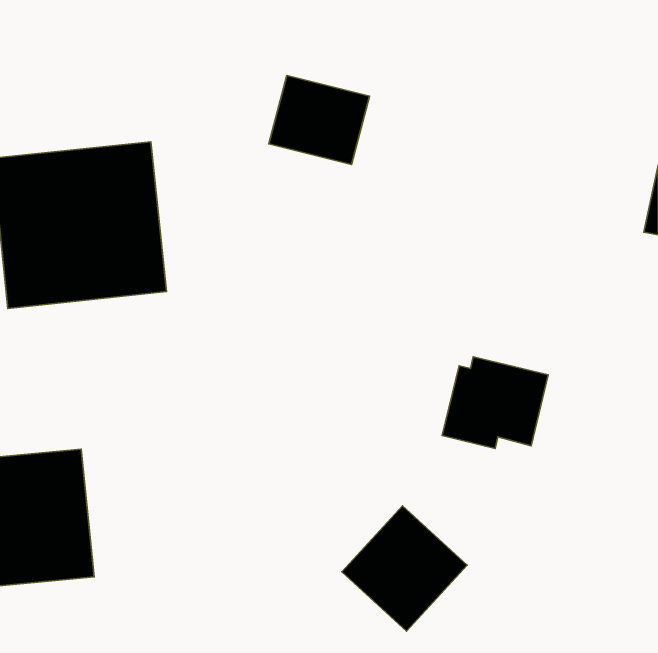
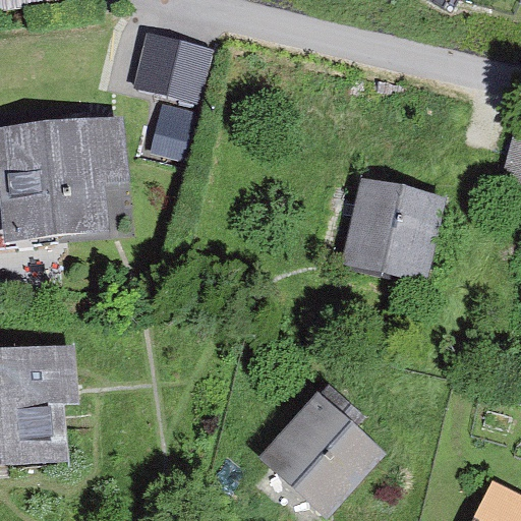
building: [269,75,369,164] -> [130,32,210,102]
building: [442,357,548,448] -> [344,191,427,264]

